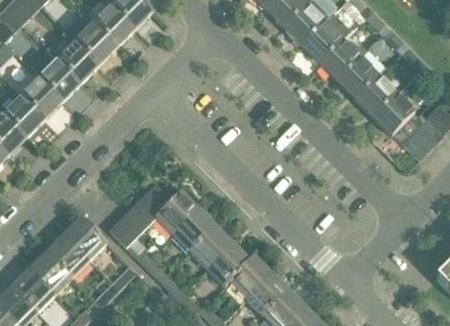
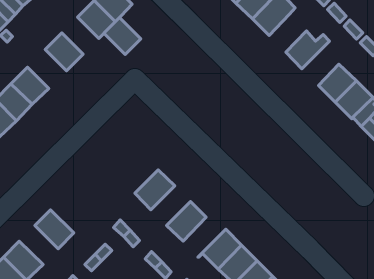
building: [302,21,342,63] -> none
building: [76,24,116,65] -> [104,18,141,55]
building: [337,58,377,99] -> none
building: [38,60,81,102] -> none
building: [109,183,172,247] -> none
building: [173,208,216,251] -> none
building: [64,217,106,259] -> none
building: [208,242,254,286] -> none
building: [29,251,72,294] -> none

